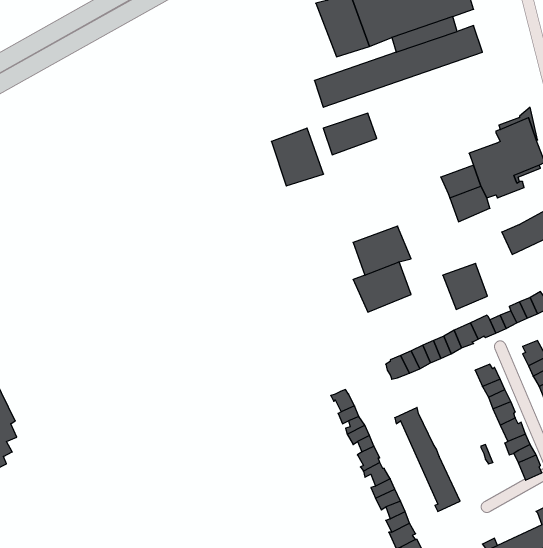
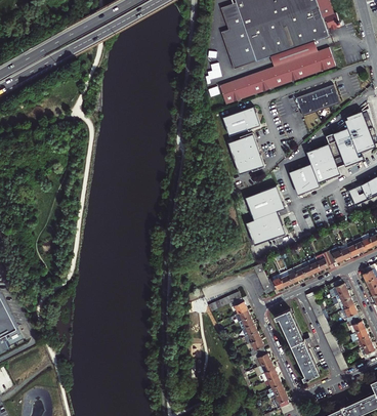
building: none -> [297,85,339,117]
building: [271,128,324,186] -> [231,134,266,174]
building: [443,263,487,309] -> [289,163,320,195]

